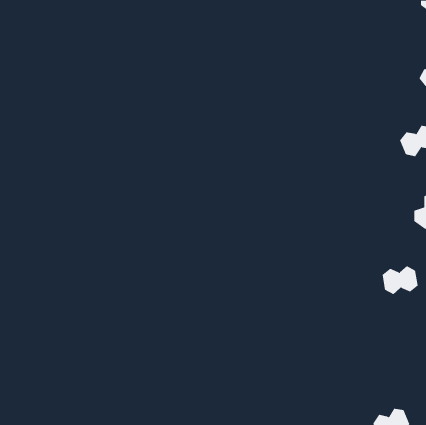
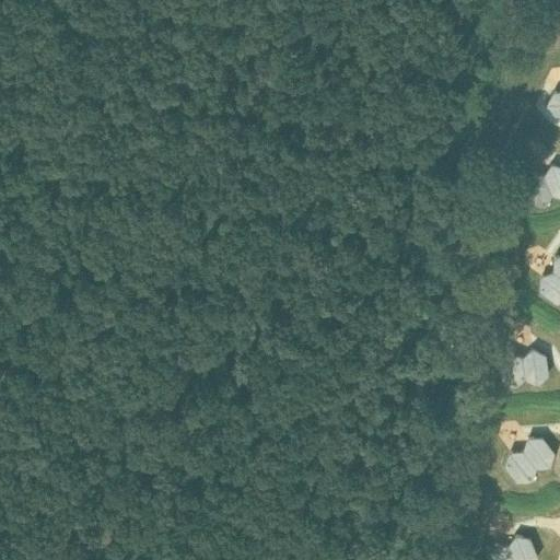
building: none -> [506,439,555,482]

